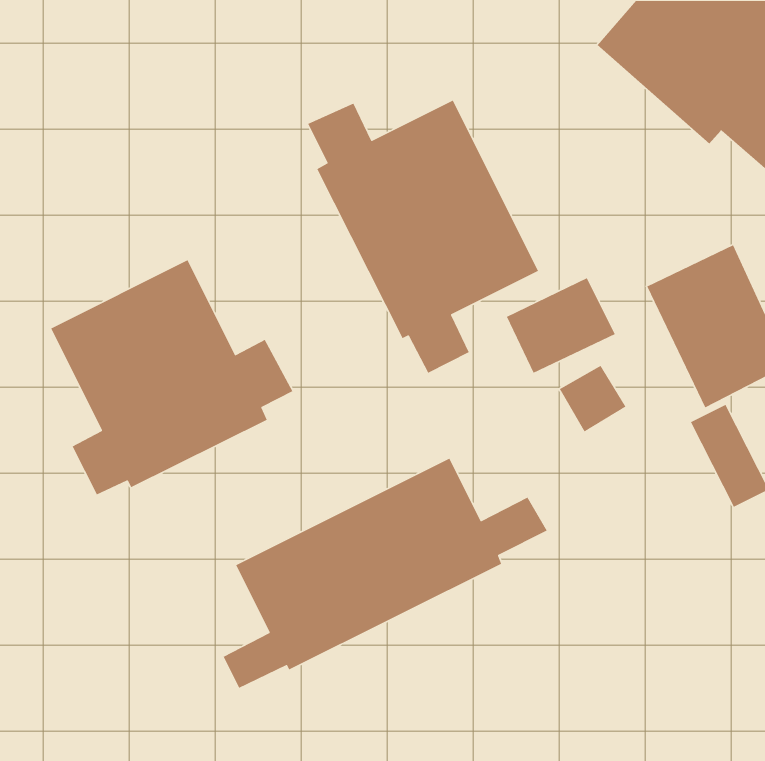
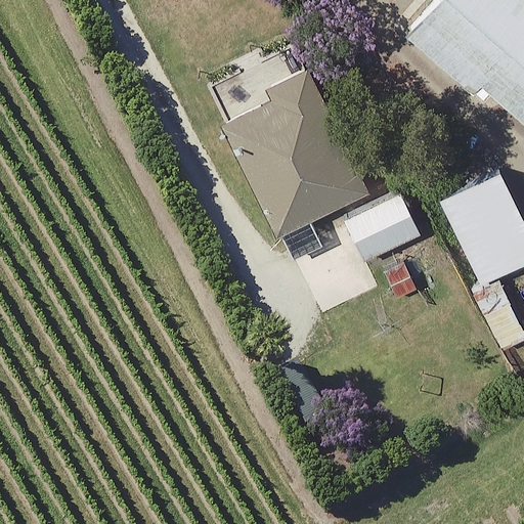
building: [50,259,293,496] -> none
building: [222,457,548,689] -> none

